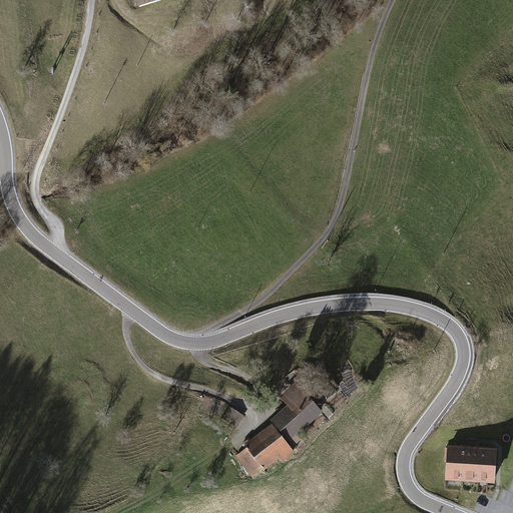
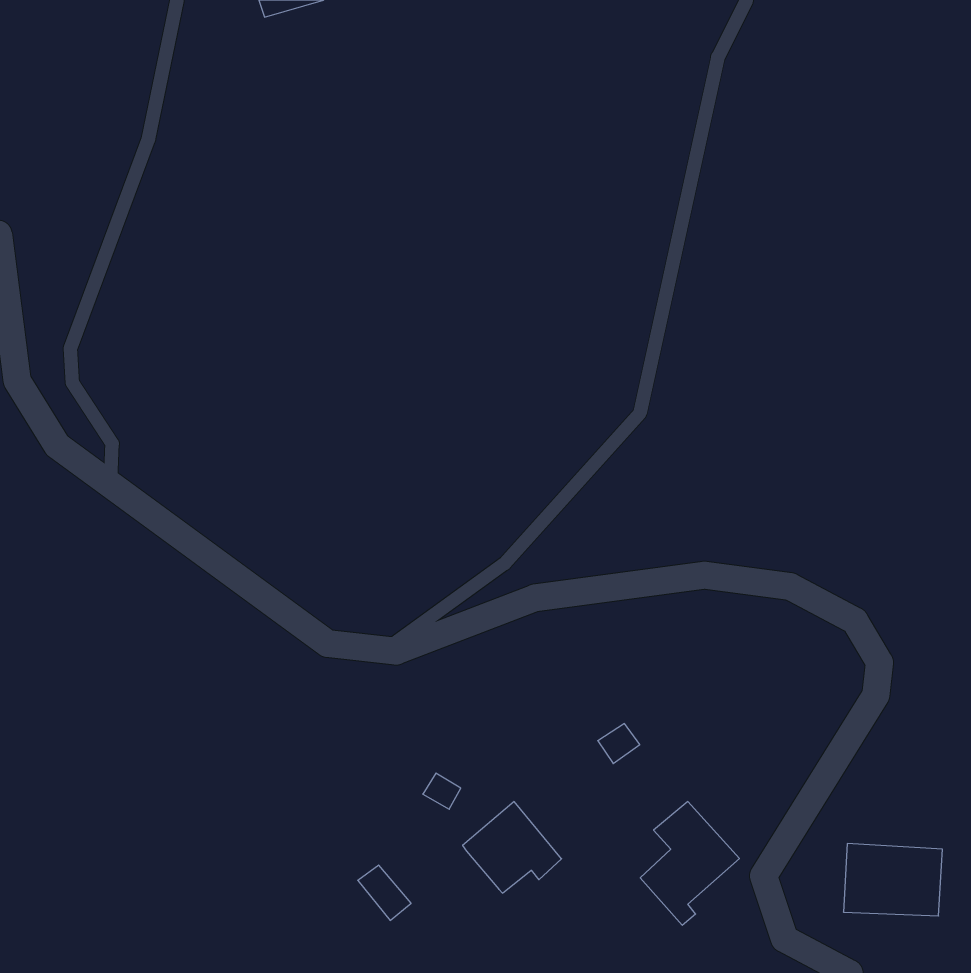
building: [271,381,323,446] -> [640,802,739,925]
building: [234,448,263,477] -> [358,865,411,920]

